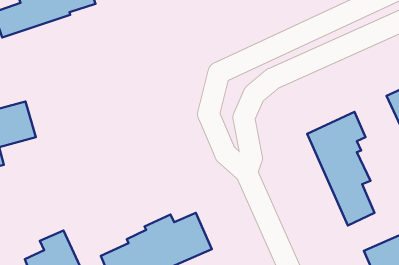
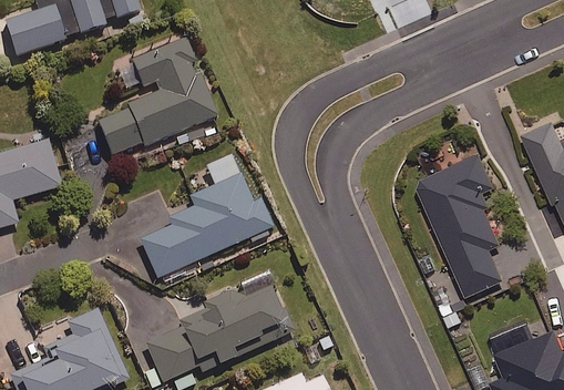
building: none -> [96,38,216,157]
building: none -> [137,154,273,279]

